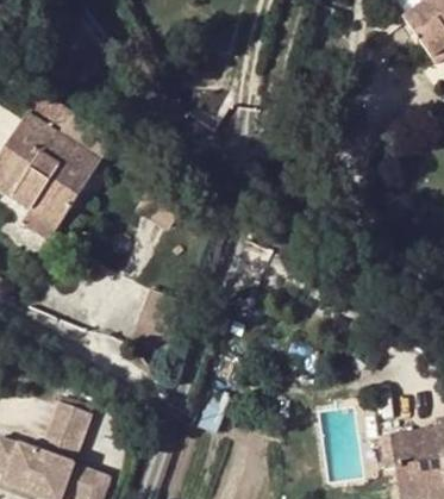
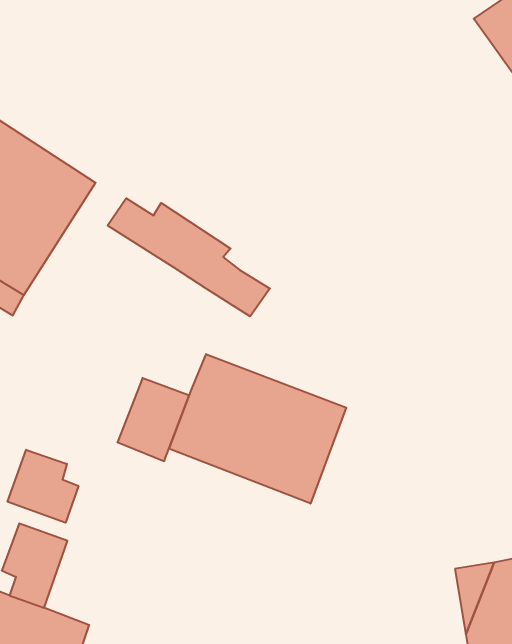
building: none -> [108,198,270,316]
building: none -> [169,354,346,504]
building: none -> [8,450,78,523]

